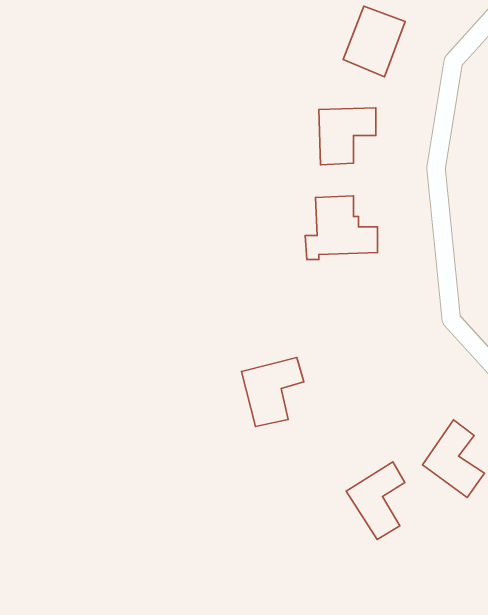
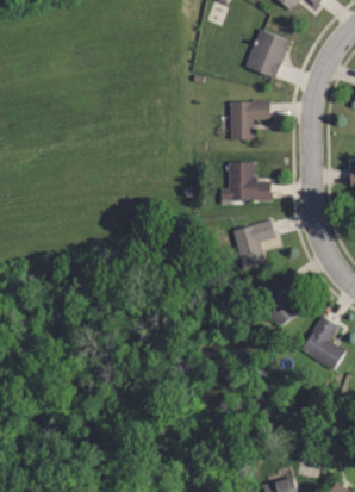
building: [242,358,304,427] -> [232,220,275,268]
building: [346,462,405,540] -> [257,273,298,326]

